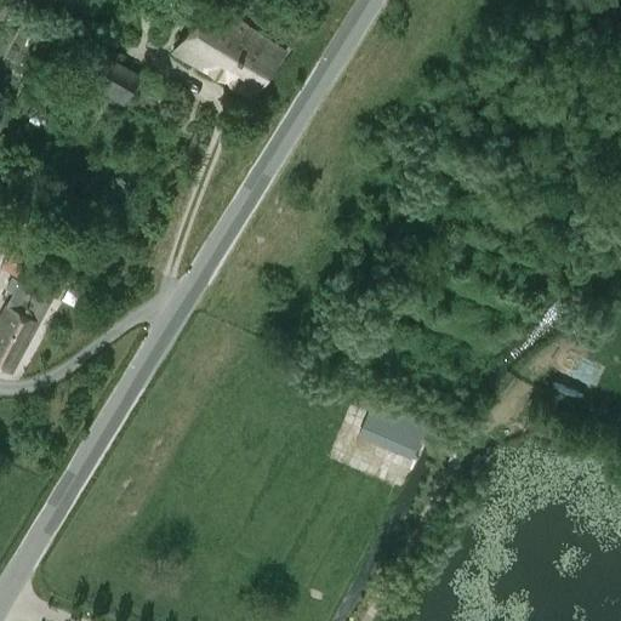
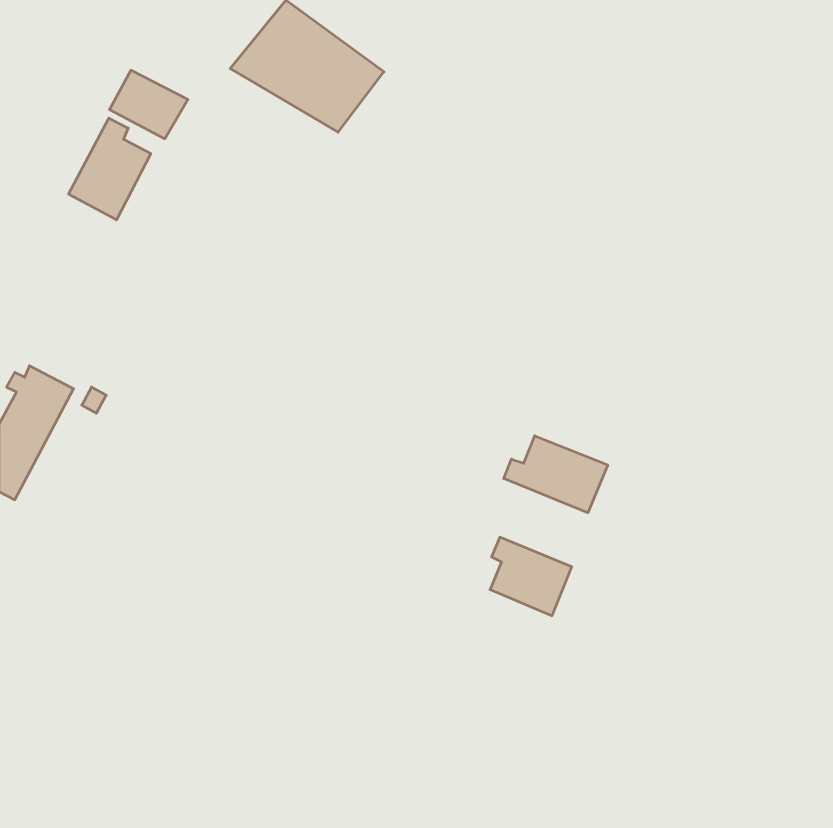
building: none -> [69,118,151,220]
building: none -> [504,436,608,513]

